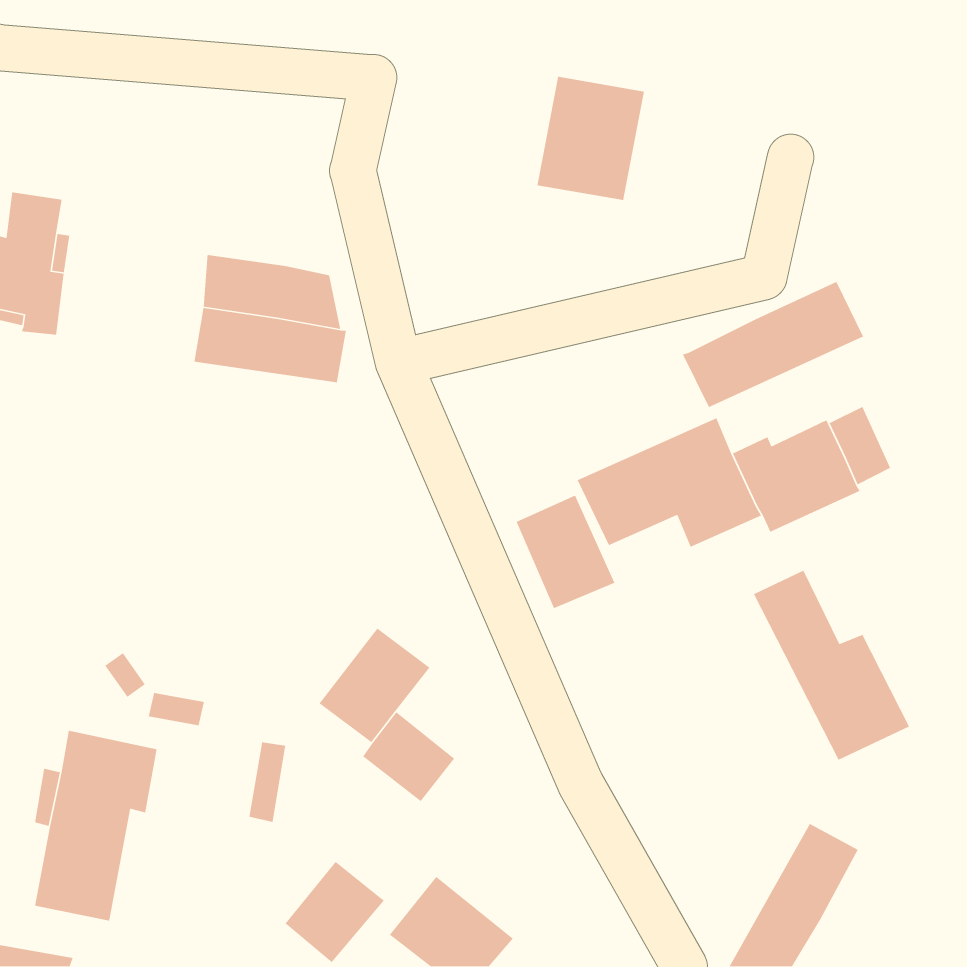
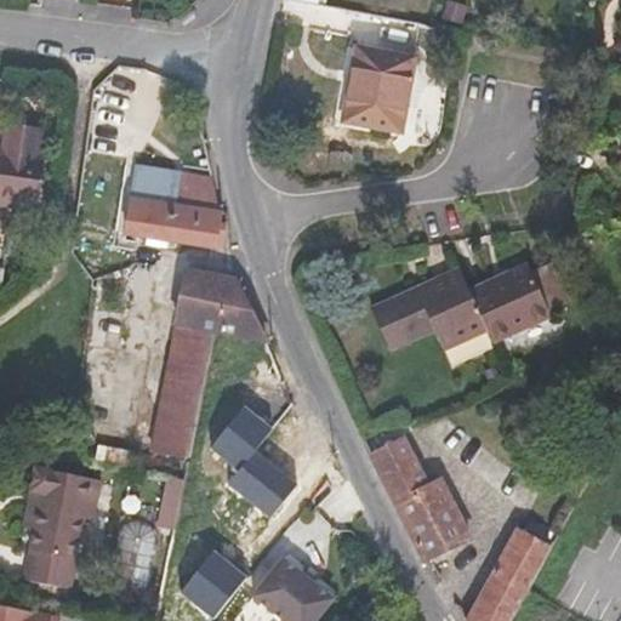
building: [682,281,864,408] -> none
building: none -> [149,269,268,457]
building: [516,495,615,609] -> none
building: [753,569,910,761] -> [370,438,471,560]

